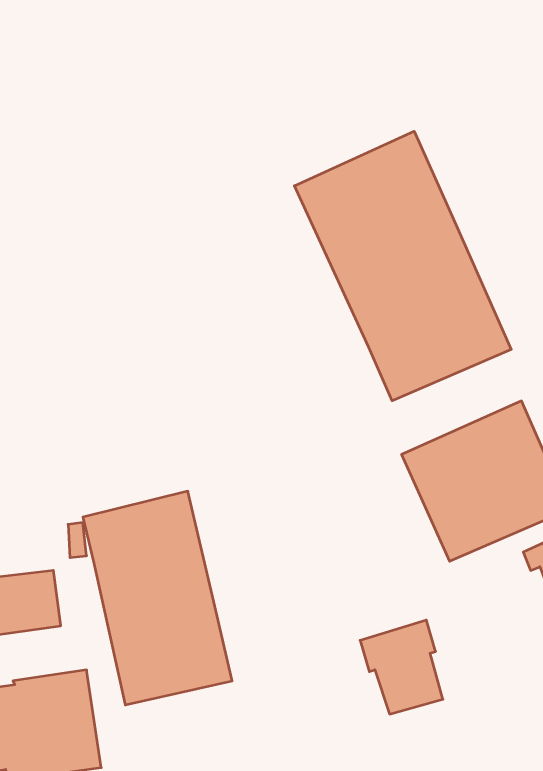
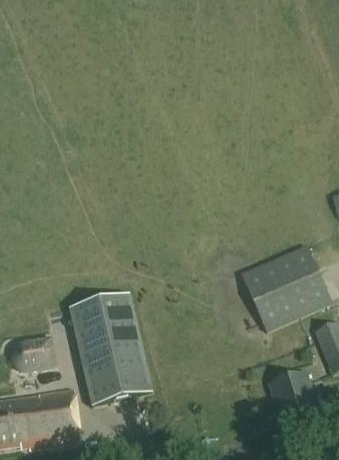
building: [294,131,511,401] -> none
building: [360,620,443,714] -> [269,369,314,420]

